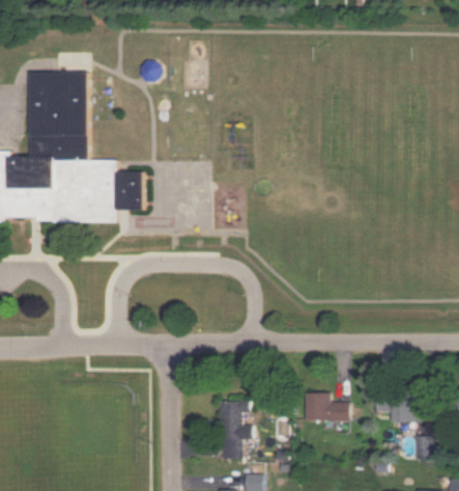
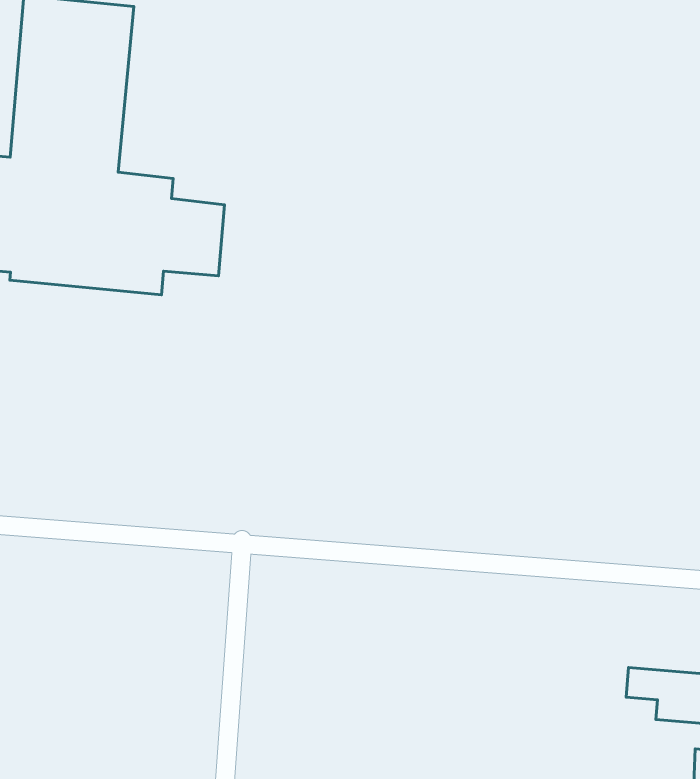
building: [305,392,348,420] -> none
building: [220,402,252,461] -> none

